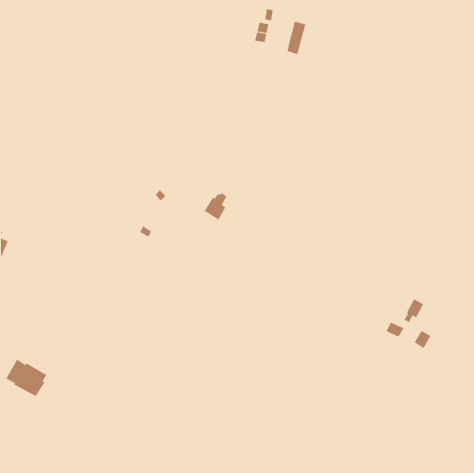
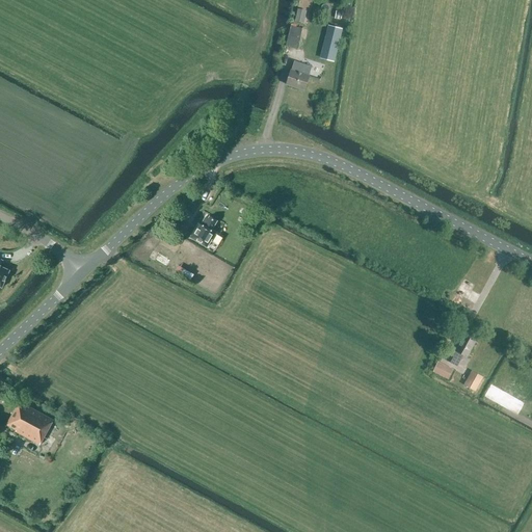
building: none -> [286,61,309,89]
building: [204,192,227,220] -> [190,216,216,247]

